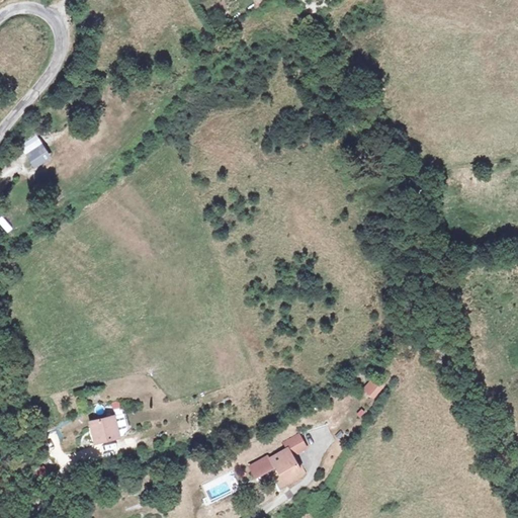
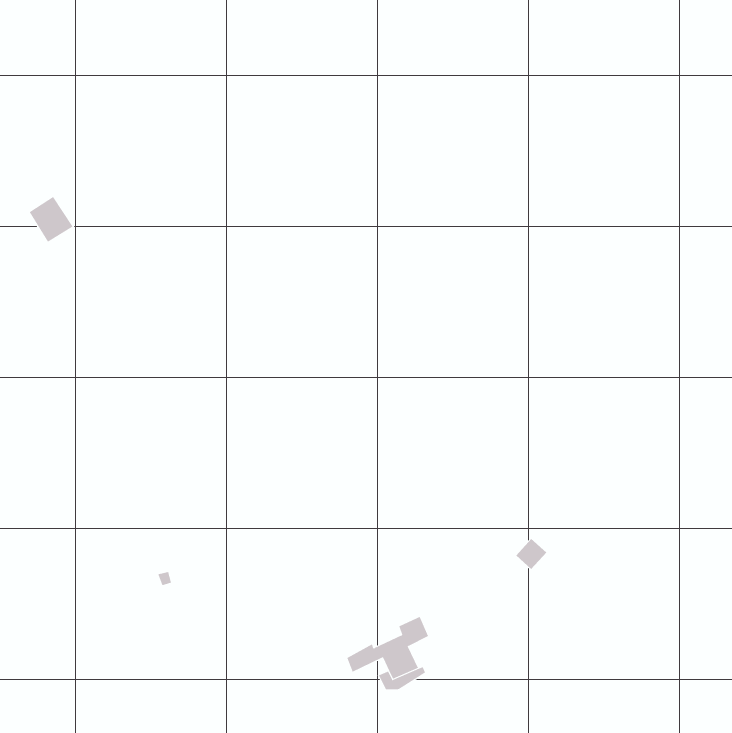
building: [90,416,118,441] -> none

